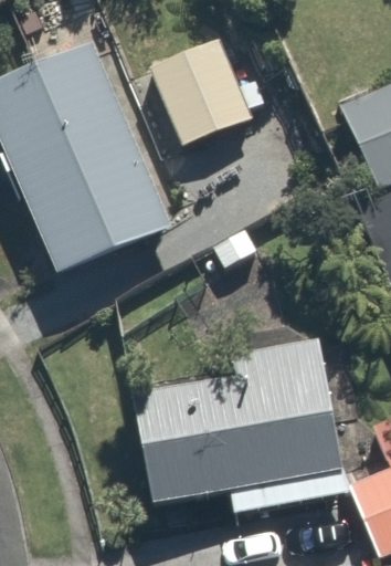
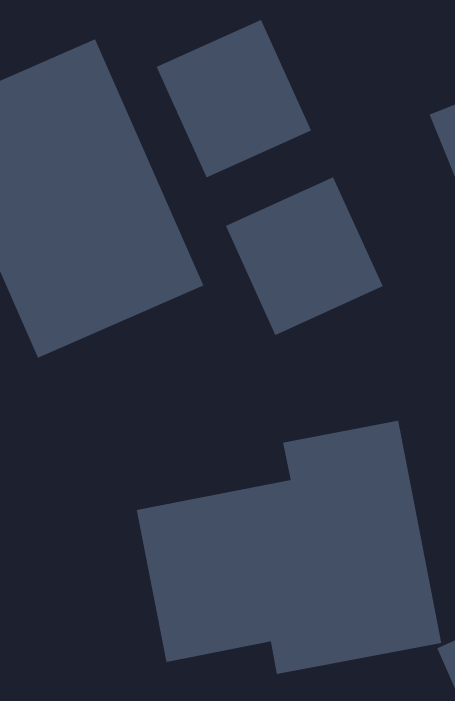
building: none -> [225,176,384,336]

